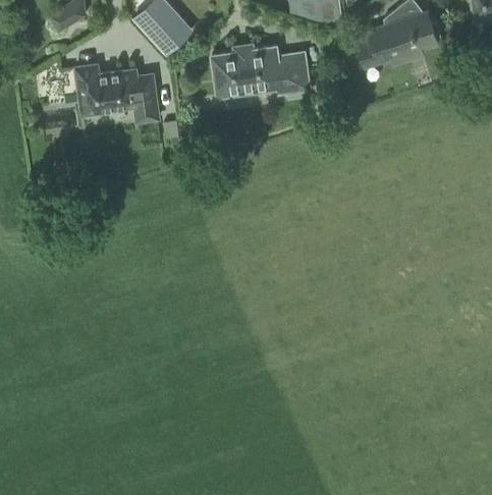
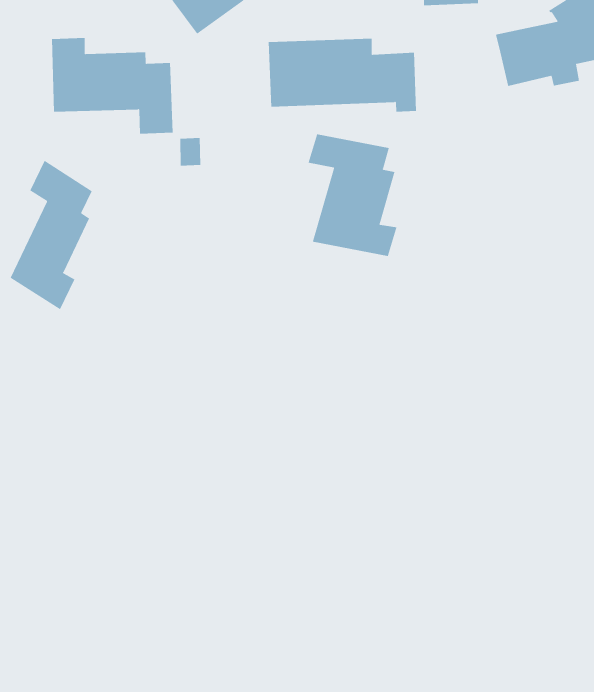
building: none -> [308,133,397,257]
building: none -> [10,160,92,310]

